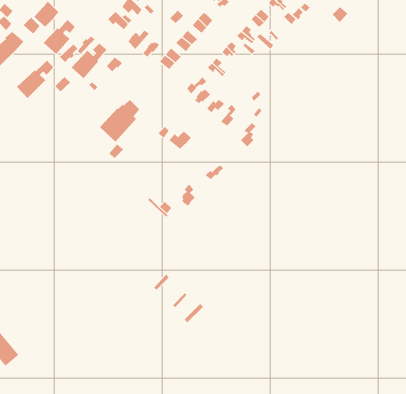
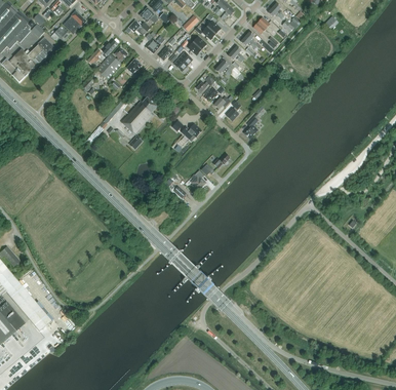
building: [43,19,75,55] -> none
building: [16,60,54,99] -> none

